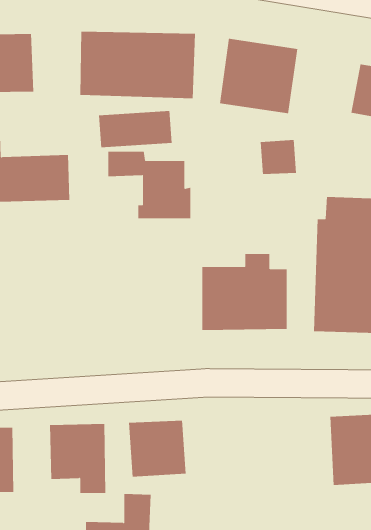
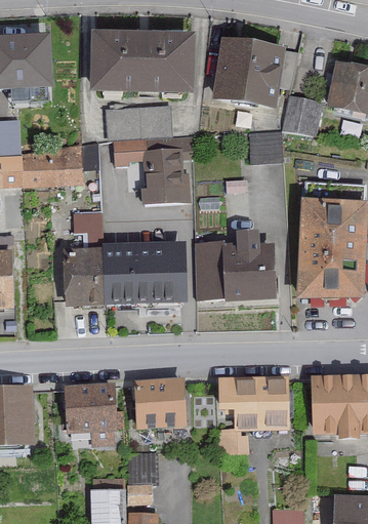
building: none -> [284,95,321,135]
building: none -> [63,212,183,309]
building: none -> [216,376,289,454]

